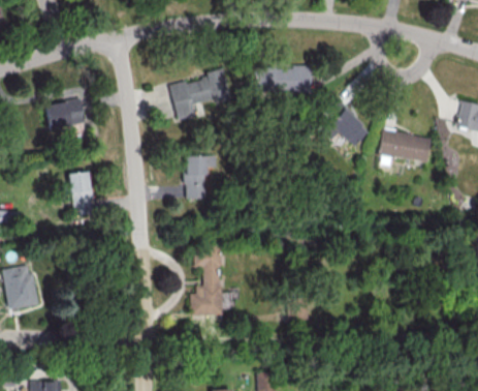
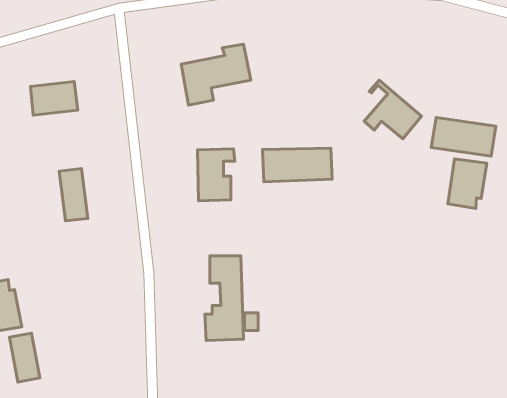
building: [253,66,311,94] -> [263,148,332,182]
building: none -> [448,159,487,208]
building: none -> [10,333,40,382]

